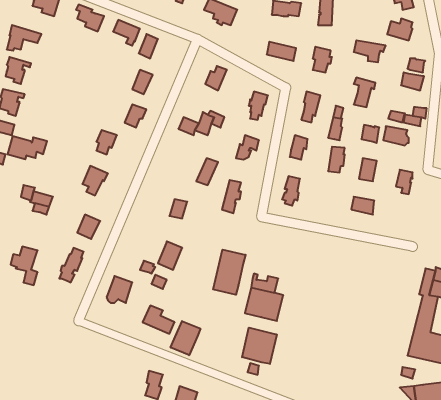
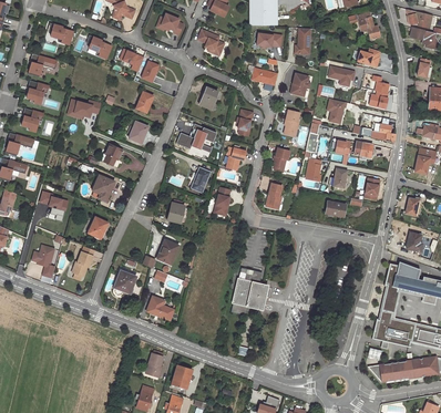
building: [7,136,47,159] -> [66,99,101,118]
building: [213,250,246,295] -> none
building: [171,321,200,355] -> none
building: [242,328,277,364] -> none

